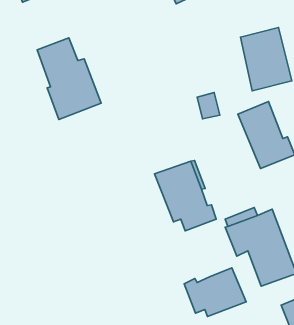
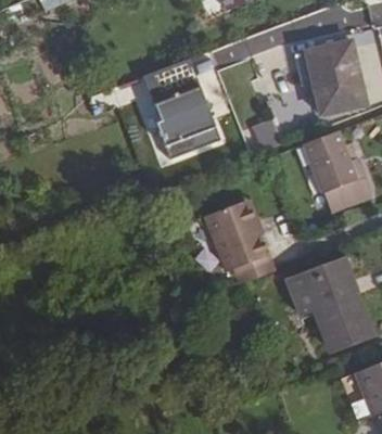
building: [37,38,101,119] -> [143,63,220,161]
building: [184,268,246,316] -> none

